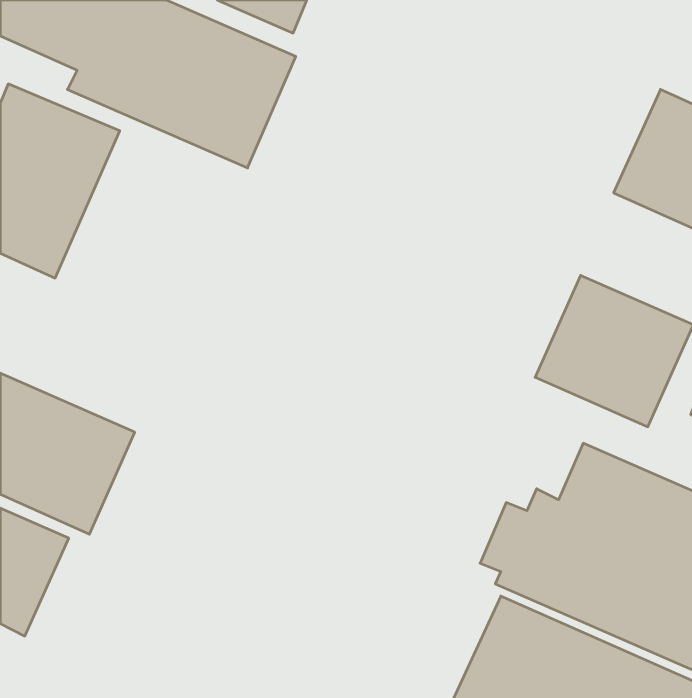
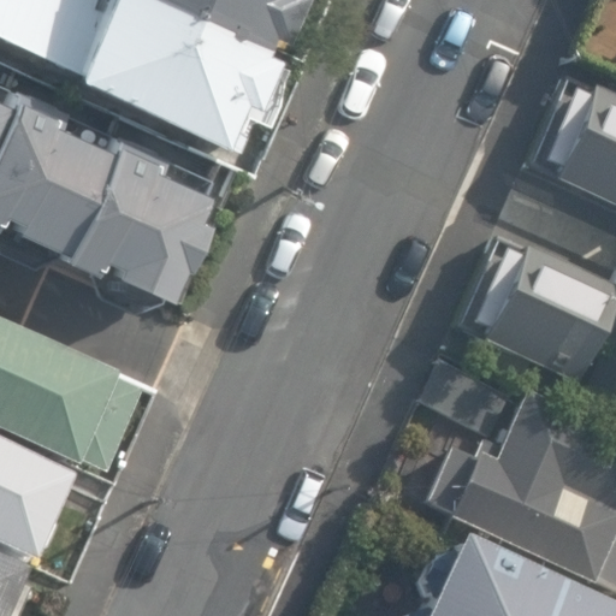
building: none -> [58,119,220,294]

